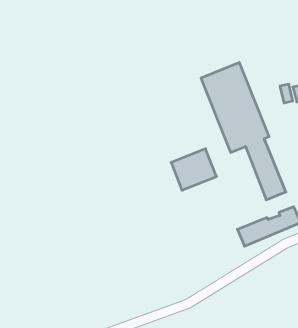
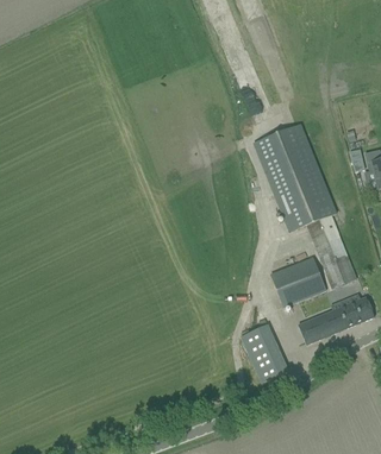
building: [171,149,217,190] -> [270,256,325,305]
building: none -> [241,323,288,382]

